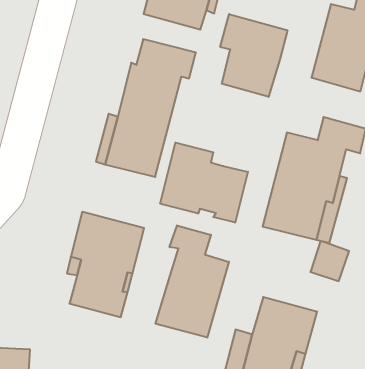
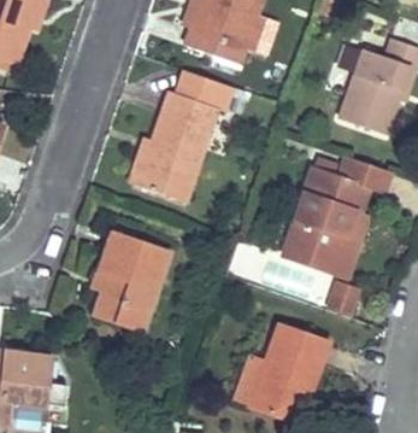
building: [220,14,287,97] -> none
building: [160,143,248,223] -> none
building: [156,225,229,338] -> none

